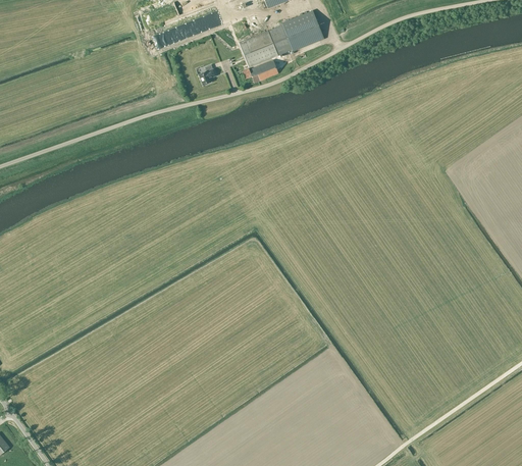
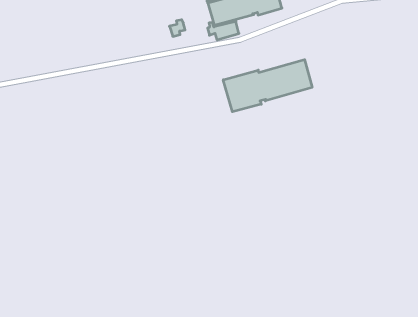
building: none -> [223,60,312,112]

